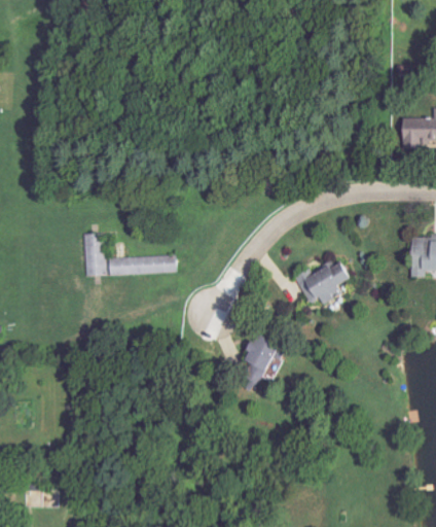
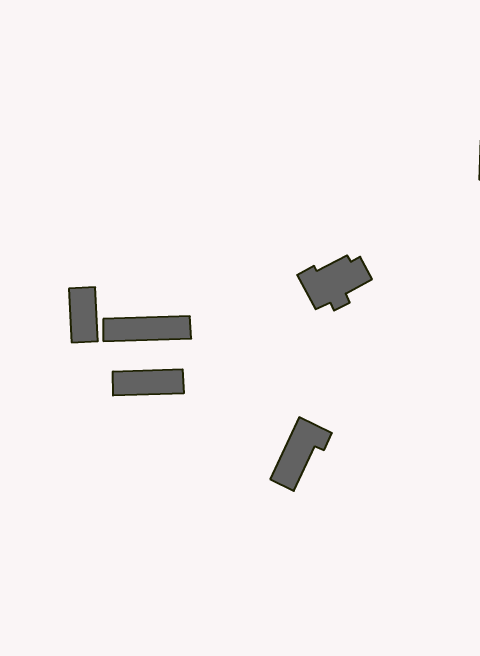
building: [294,260,353,304] -> [297,255,372,311]
building: none -> [113,369,184,396]

